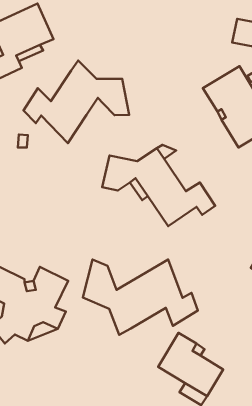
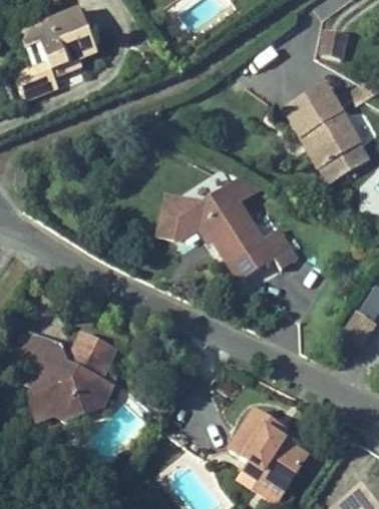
building: [24,60,129,143] -> none
building: [83,259,198,335] -> none

